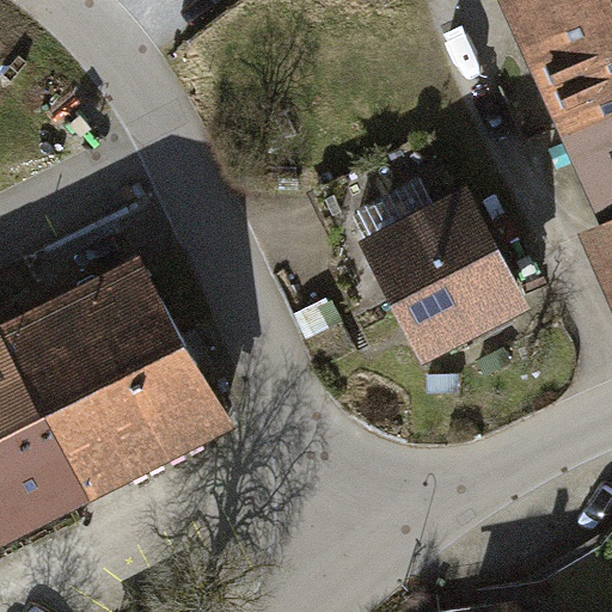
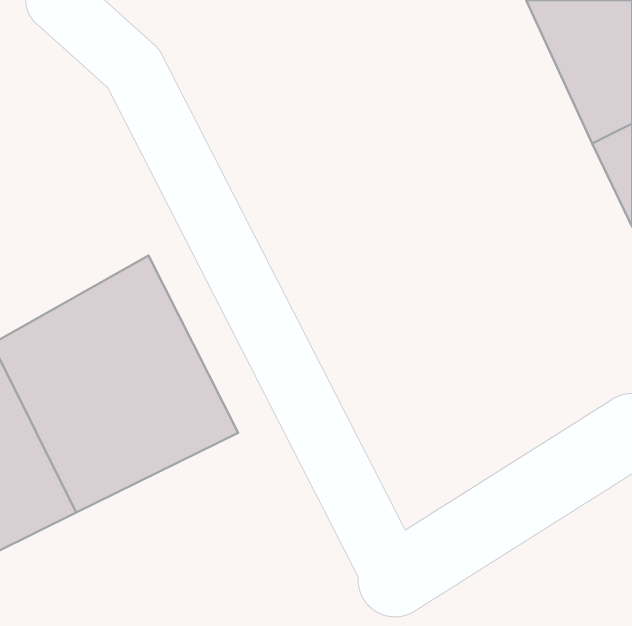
building: [357,184,532,369] -> none

